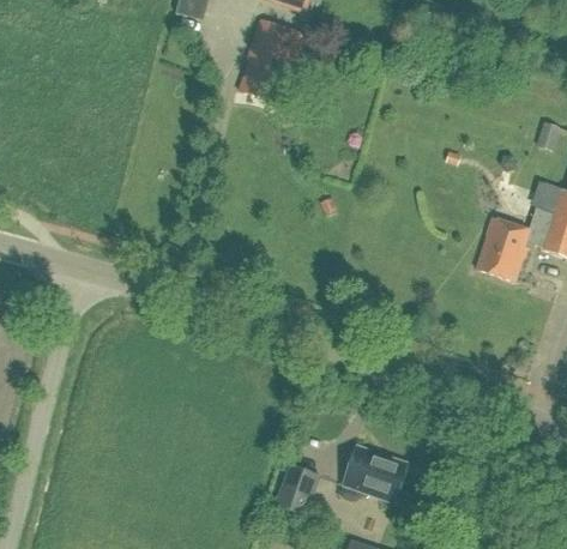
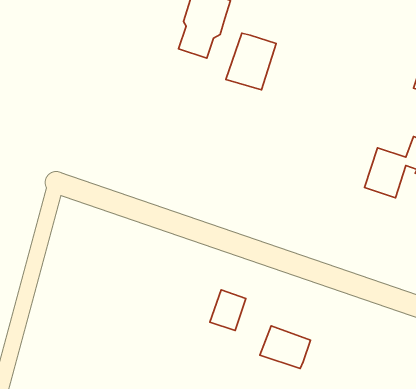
building: none -> [226,33,276,90]
building: [276,461,321,513] -> [210,290,246,331]

